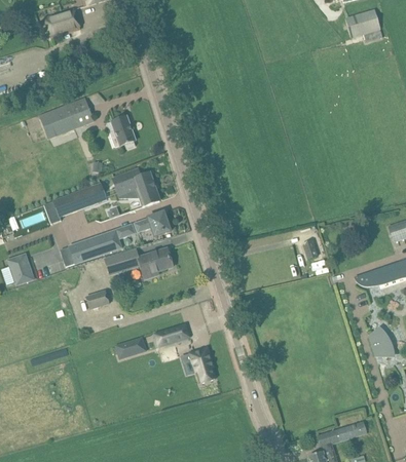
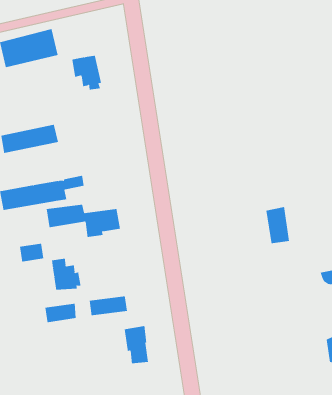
building: [112,168,159,205] -> none
building: [134,210,171,235] -> none
building: none -> [52,258,81,291]

